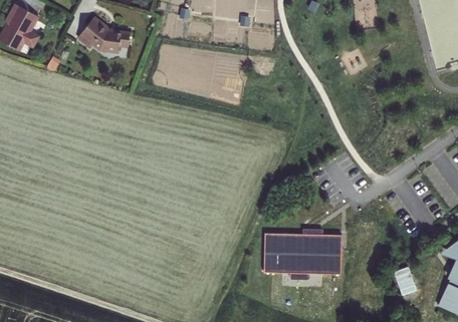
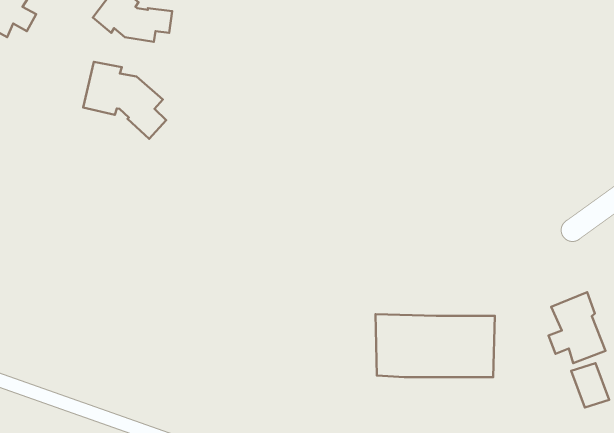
building: none -> [83,62,166,139]
building: none -> [549,292,606,363]

